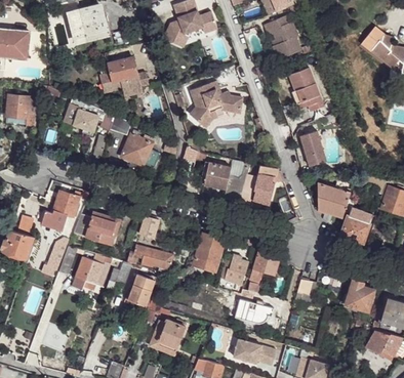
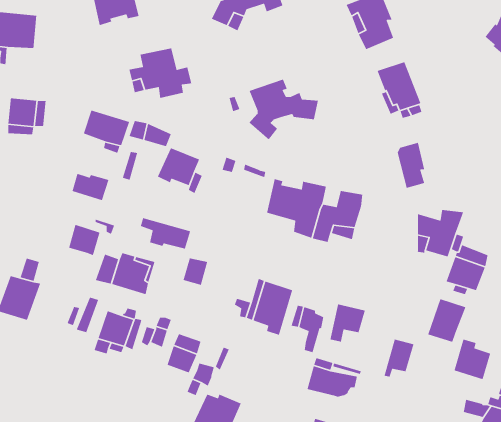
building: [38,208,67,229] -> [72,173,109,201]
building: [134,245,173,269] -> [140,217,191,250]
building: none -> [427,298,467,343]

